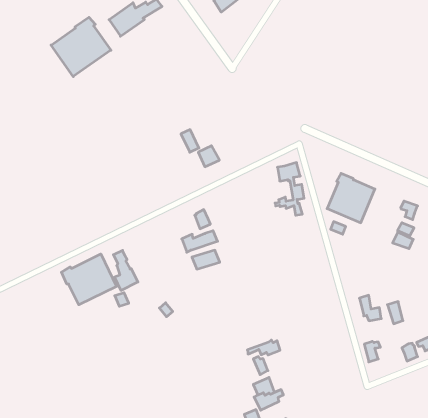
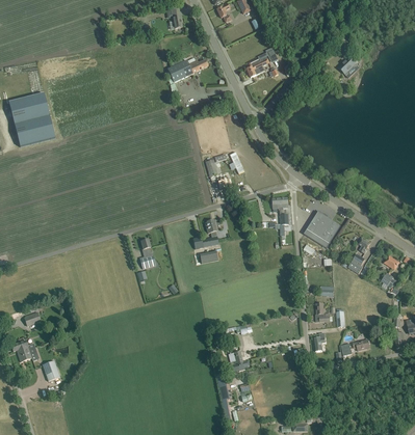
building: [51,17,111,77] -> none
building: [61,254,117,305] -> none

